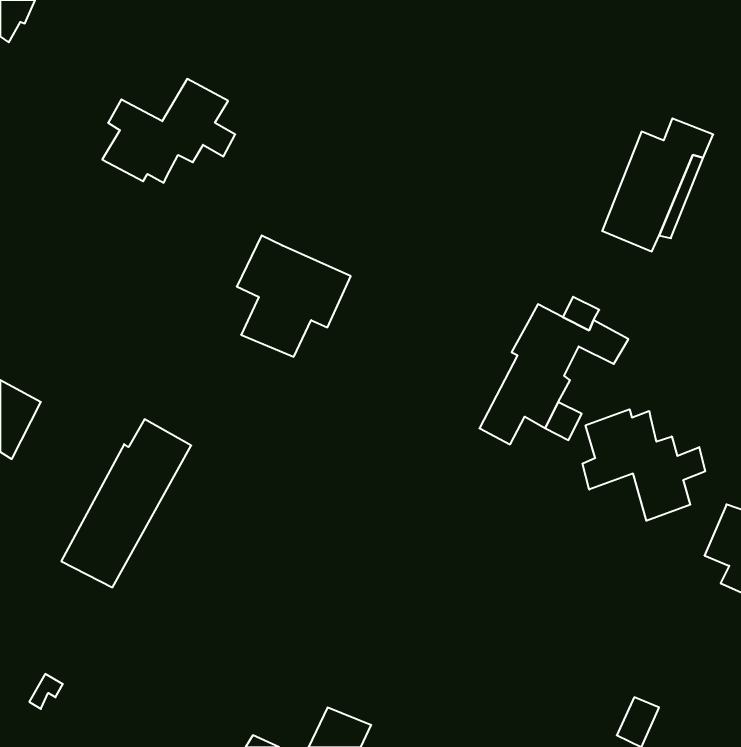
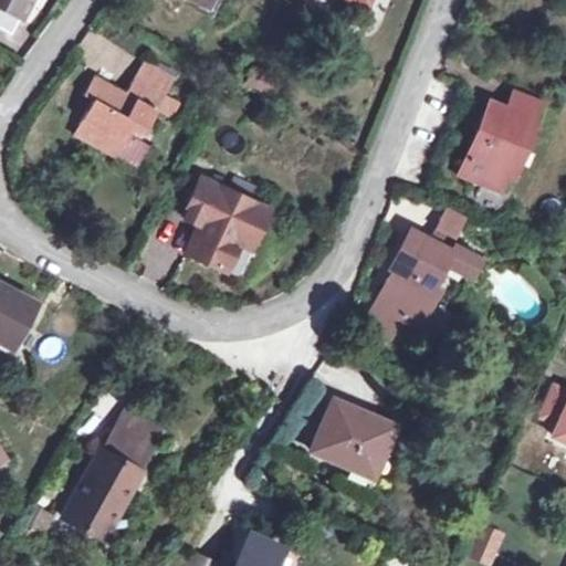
building: none -> [76,120,149,167]
building: [582,409,705,521] -> none
building: [61,419,191,587] -> [66,410,165,537]
building: none -> [313,400,395,474]

